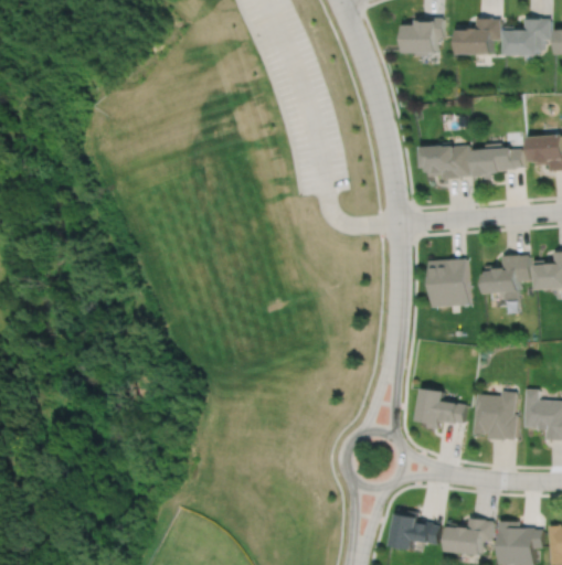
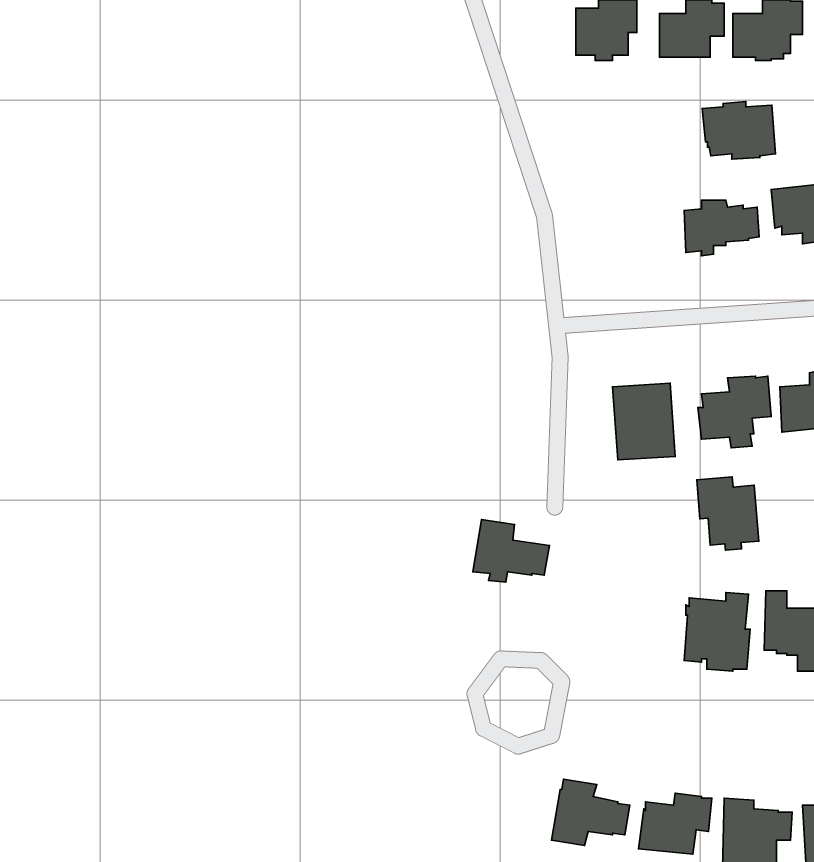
building: [423,142,469,179] -> [702,102,775,159]
building: none -> [697,477,759,550]
building: [416,390,465,429] -> [473,519,549,582]

